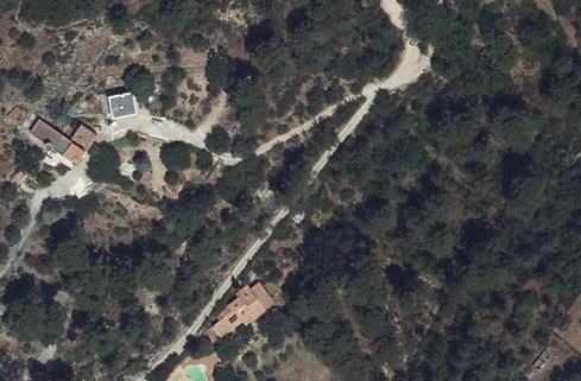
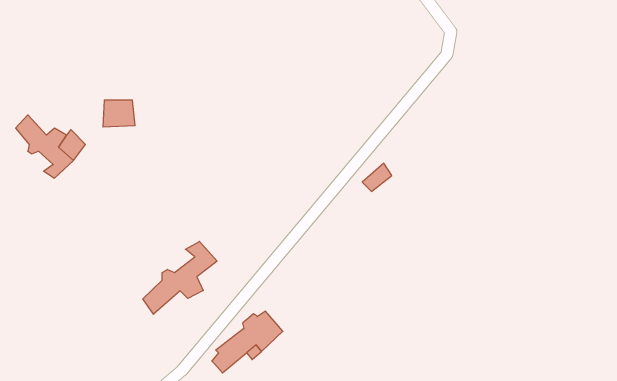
building: none -> [143,241,217,314]

